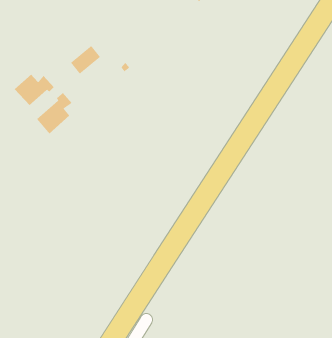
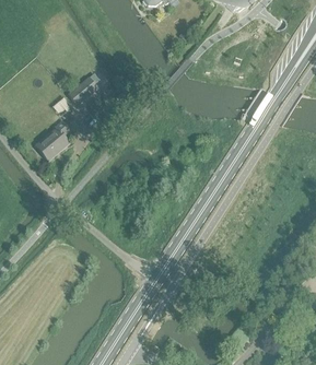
building: [14,74,54,106] -> none

